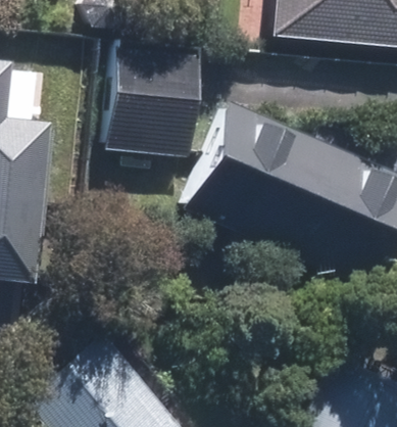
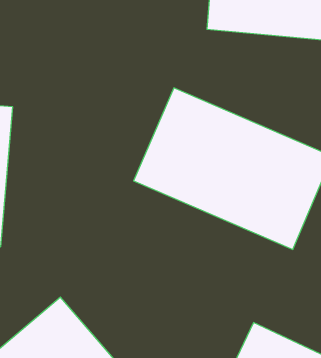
building: [108,50,193,153] -> none

